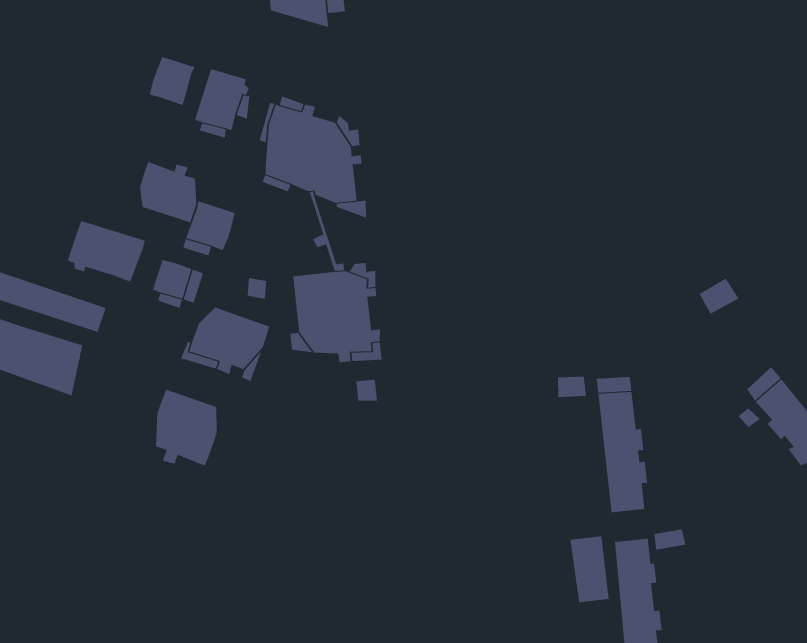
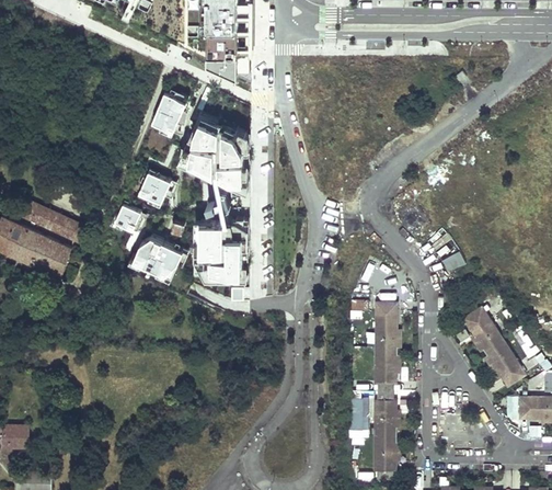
building: [149,56,195,106] -> none
building: [140,161,197,223] -> none
building: [67,220,145,282] -> none
building: [155,389,217,466] -> none

